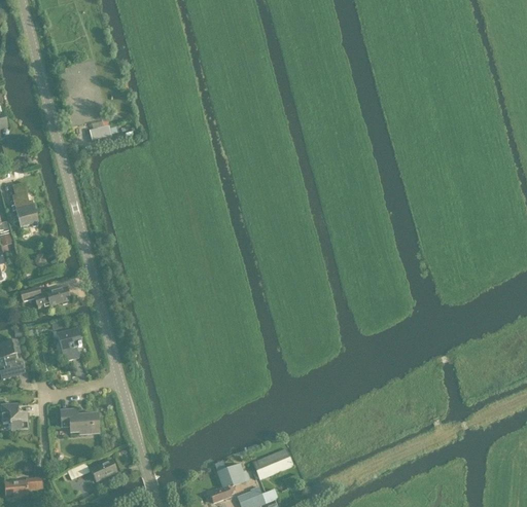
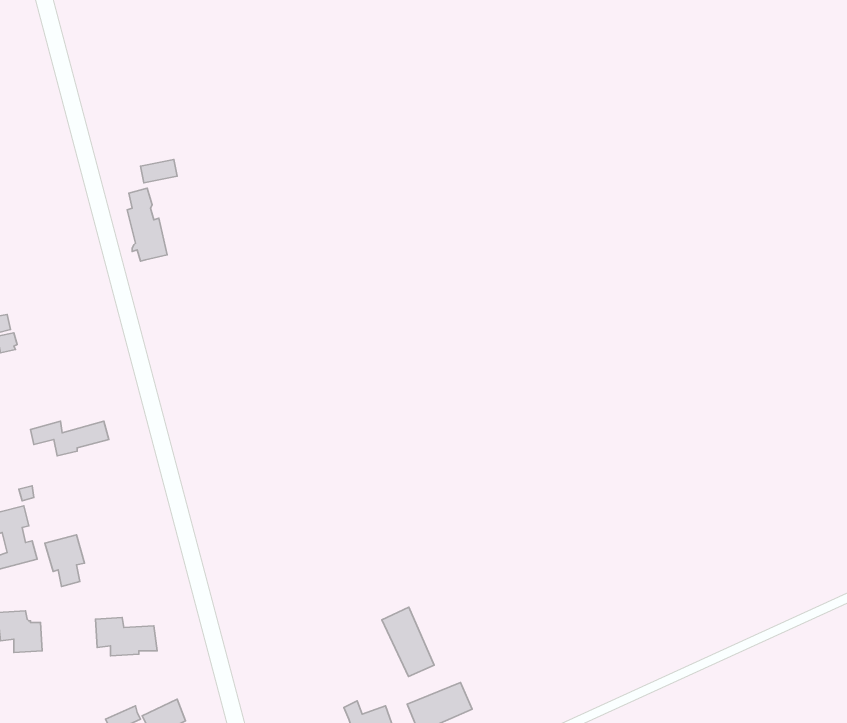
building: [11,182,36,227] -> [127,188,167,261]
building: [56,328,80,360] -> [45,535,85,587]
building: none -> [382,607,434,676]

